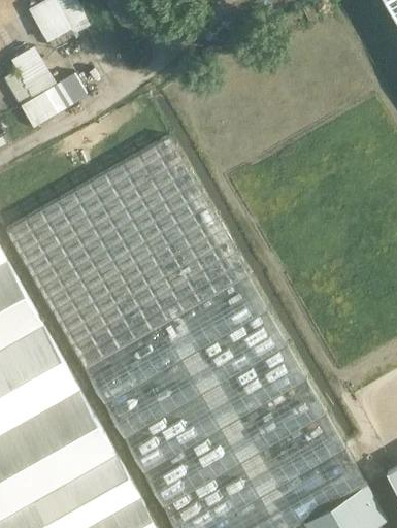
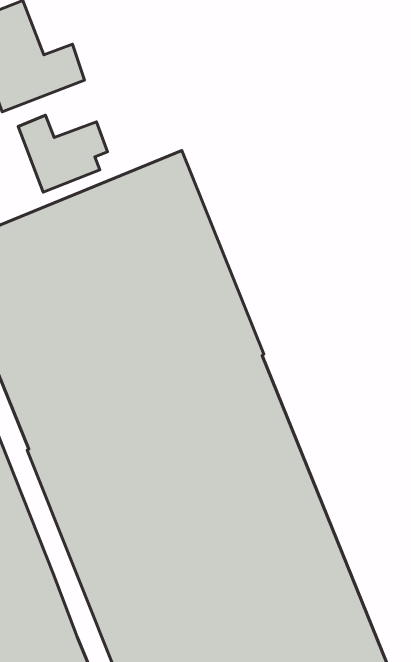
building: none -> [18,115,108,192]

